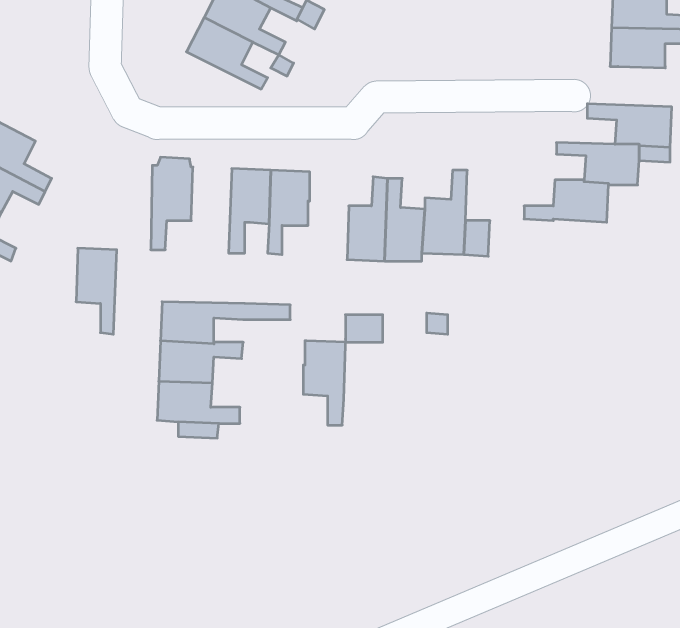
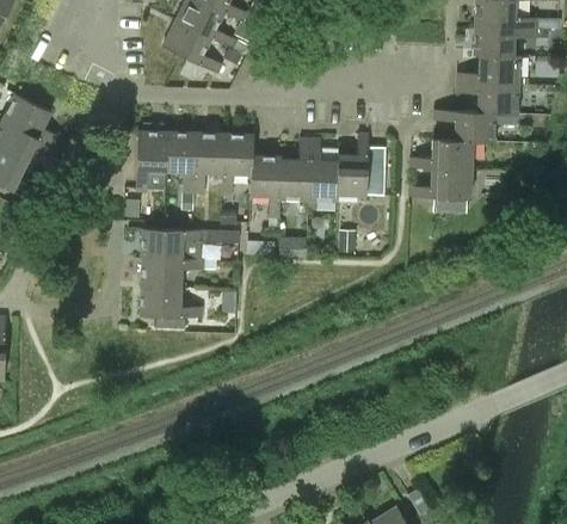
building: none -> [457,56,520,86]
building: none -> [409,168,472,199]
building: [76,248,117,334] -> [166,130,196,193]
building: [303,341,345,425] -> [251,155,282,217]

